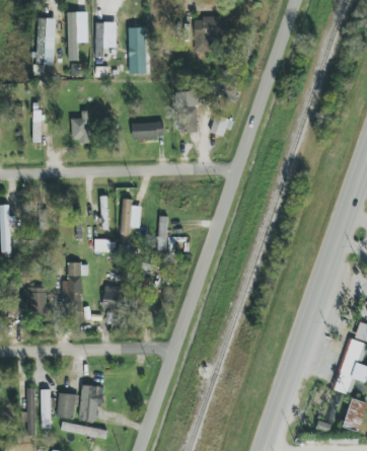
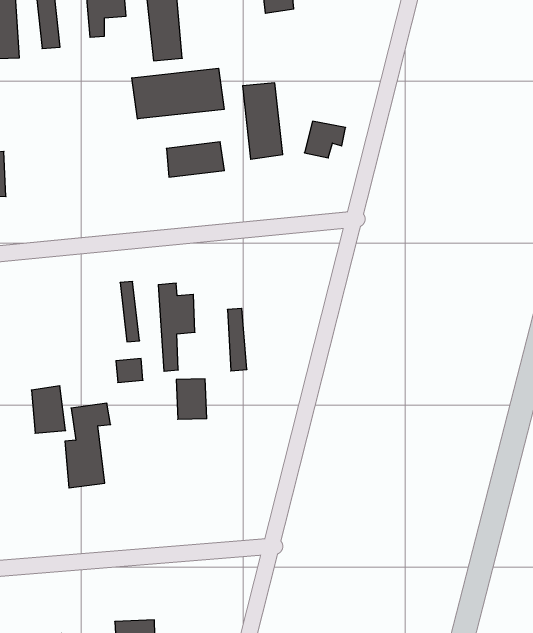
building: none -> [132,68,224,119]
building: [72,110,89,142] -> none
building: [103,285,121,308] -> [176,379,207,419]
building: [29,287,47,312] -> [31,386,66,433]

